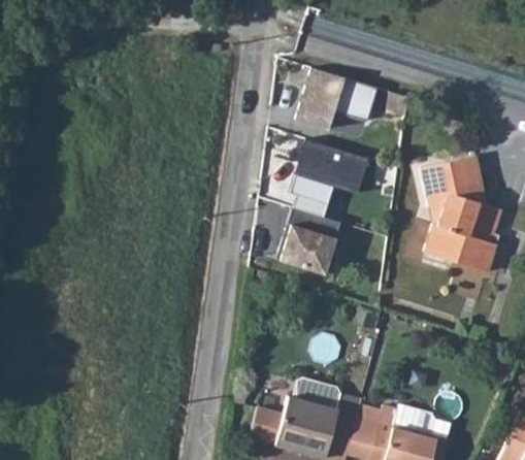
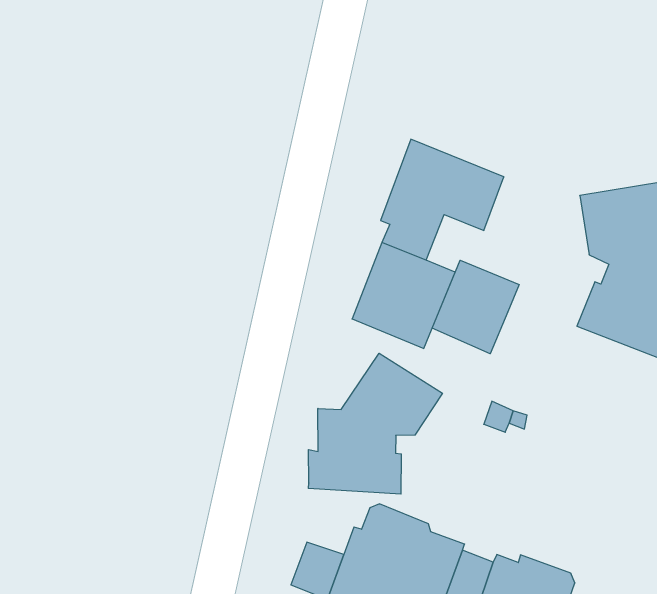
building: [296,69,378,130] -> none
building: none -> [432,260,519,354]
building: none -> [308,353,442,494]

